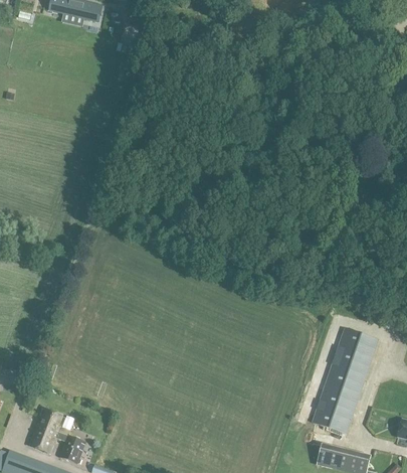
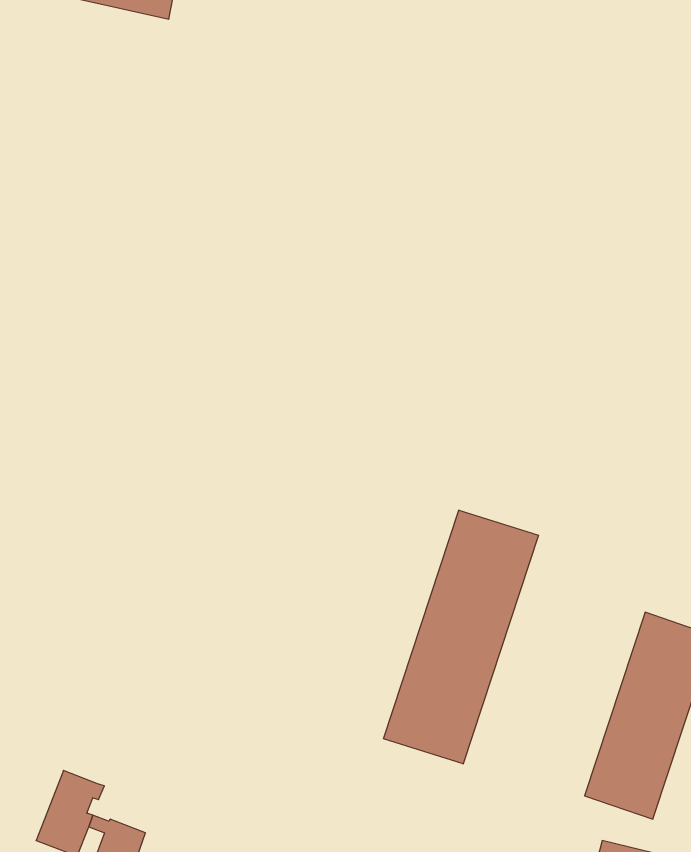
building: none -> [383,510,539,764]

